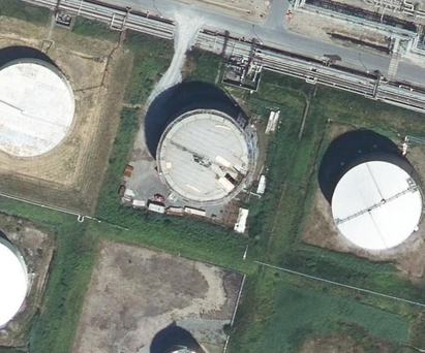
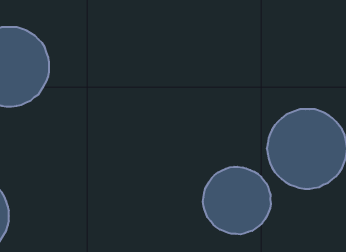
building: [154,109,248,203] -> none
building: none -> [203,167,271,234]

